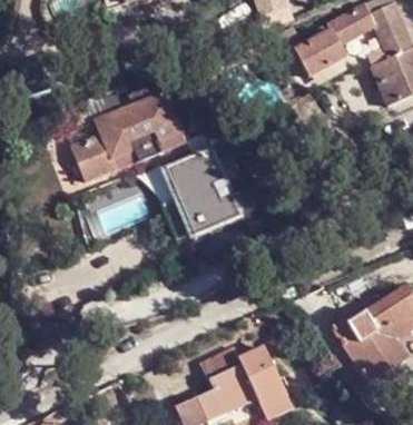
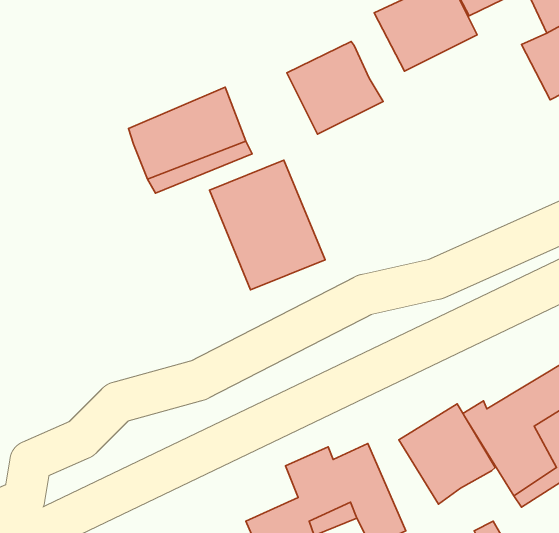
building: none -> [287,42,383,134]
building: [72,135,116,181] -> none
building: none -> [399,404,495,504]

